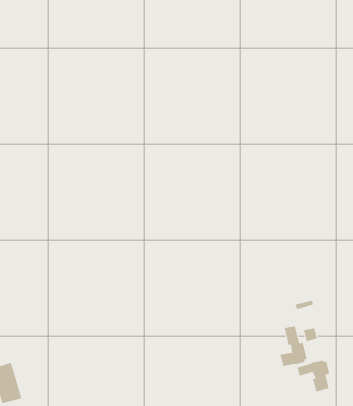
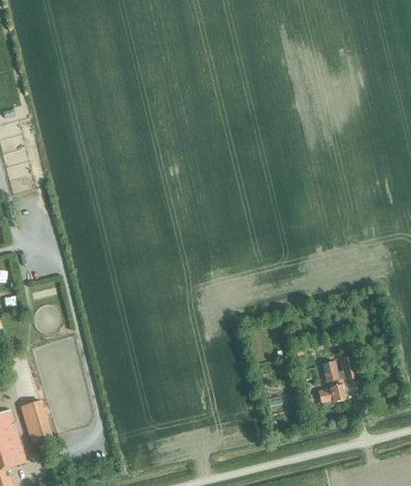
building: [297,360,330,392] -> none

